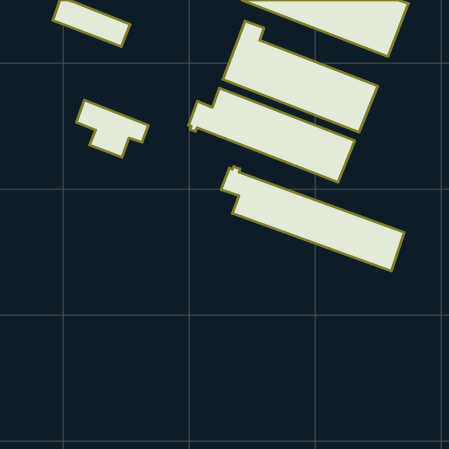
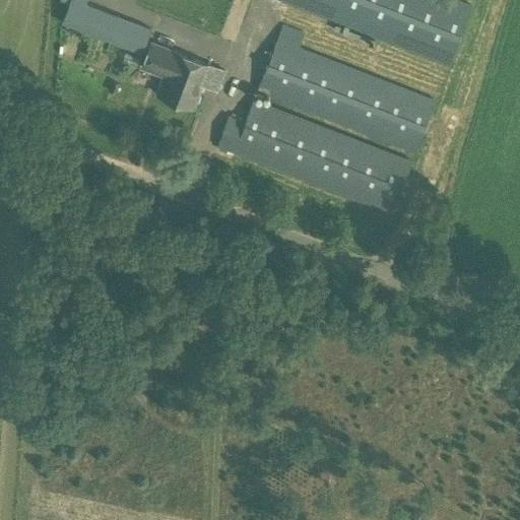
building: [76,100,148,157] -> [143,42,226,108]
building: [221,166,404,271] -> none

